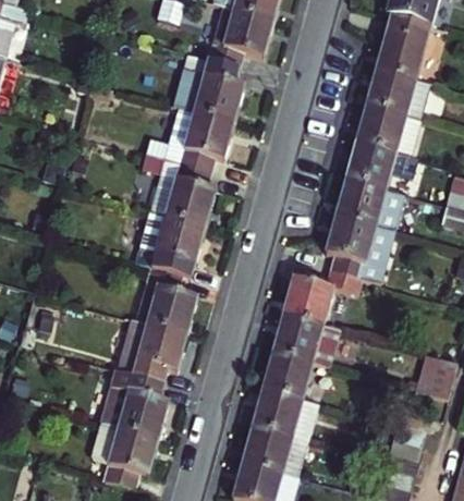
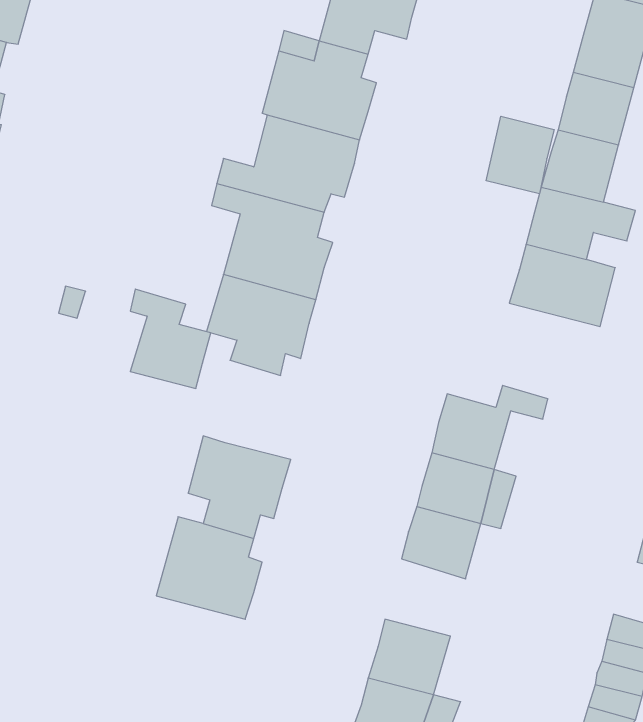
building: none -> [486,116,554,194]
building: [322,223,391,290] -> none
building: [148,260,200,325] -> [130,289,211,388]
building: [252,389,304,439] -> none
building: [95,413,161,481] -> none

